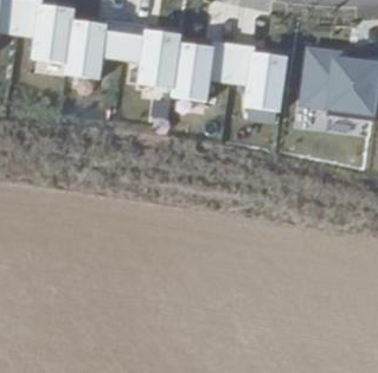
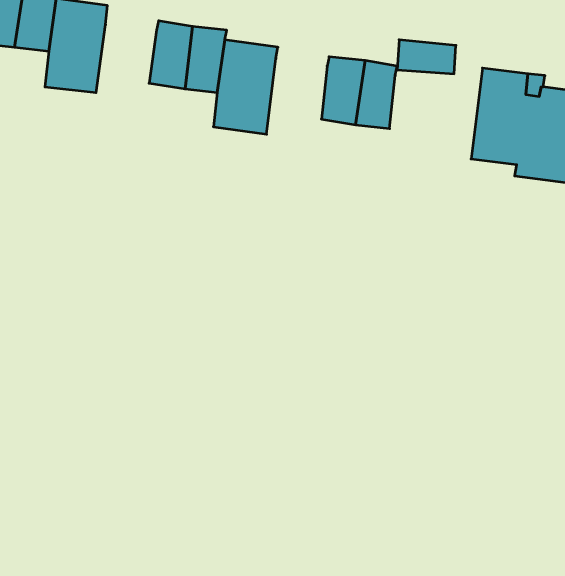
building: [64,21,103,79] -> none
building: [171,43,210,103] -> none
building: [245,53,287,111] -> none

